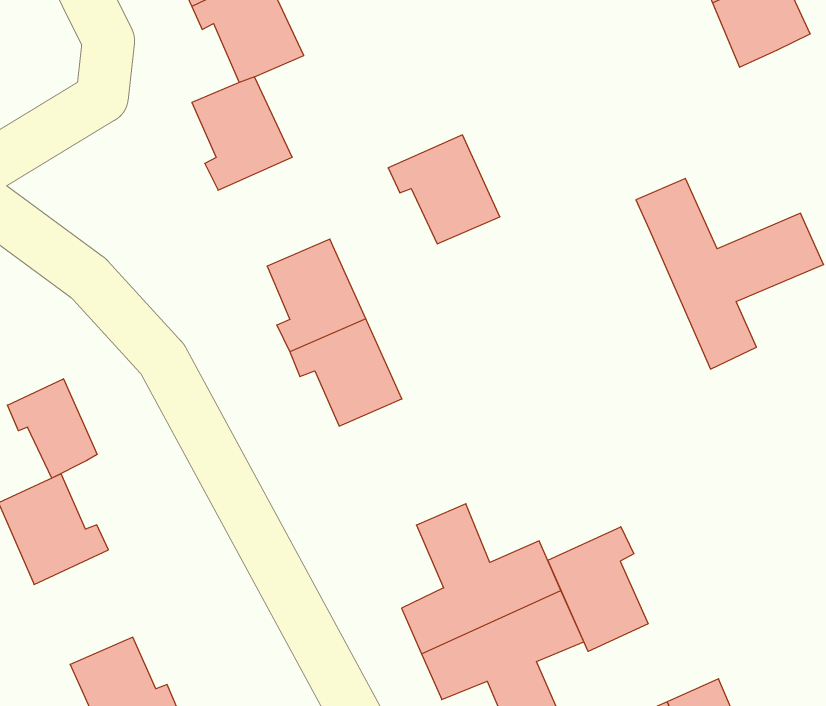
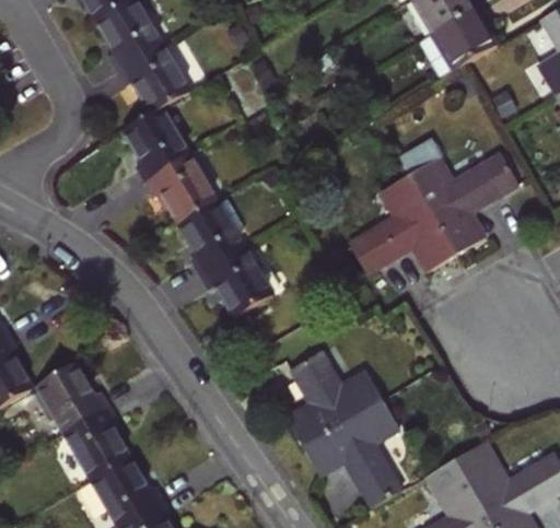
building: [388,135,500,244] -> [148,155,219,223]
building: none -> [352,174,458,270]
building: [7,379,97,478] -> none
building: [548,527,648,651] -> none
building: none -> [63,406,127,478]

